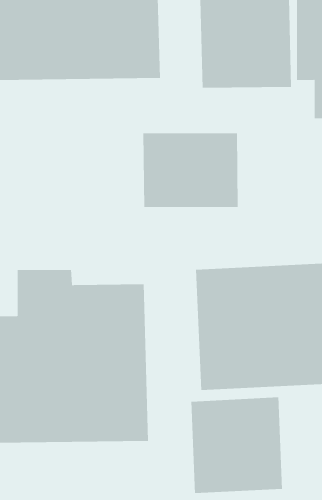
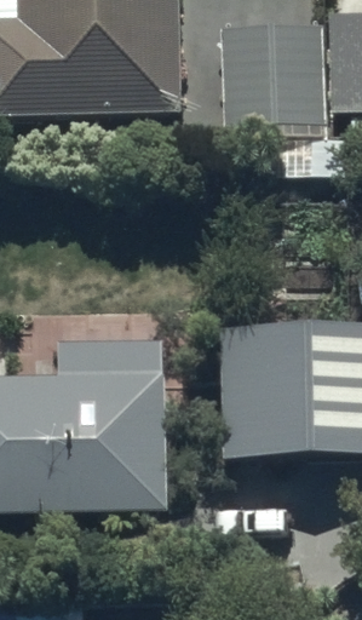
building: [143,133,238,208] -> none
building: [191,397,282,494] -> none

